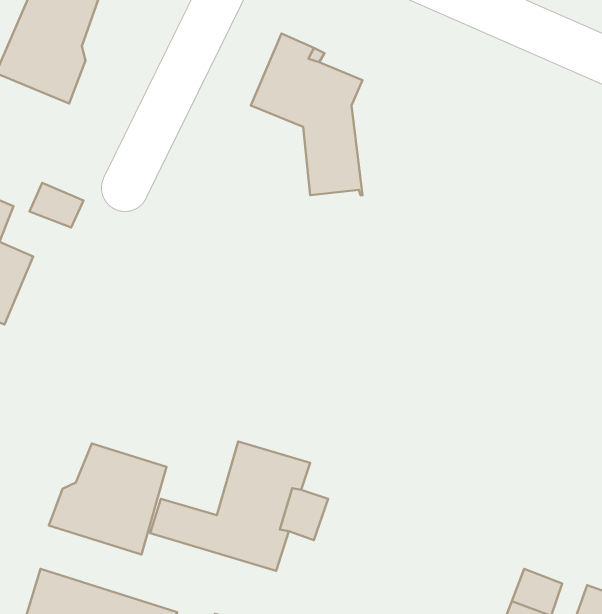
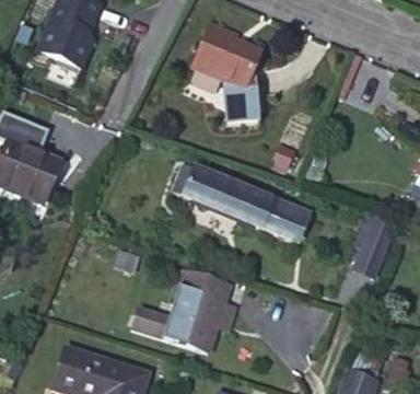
building: none -> [182,167,313,244]
building: none -> [354,211,397,278]
building: [49,444,167,555] -> none

